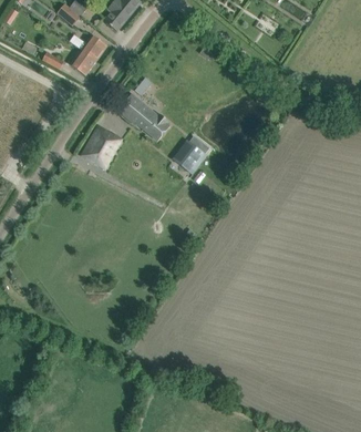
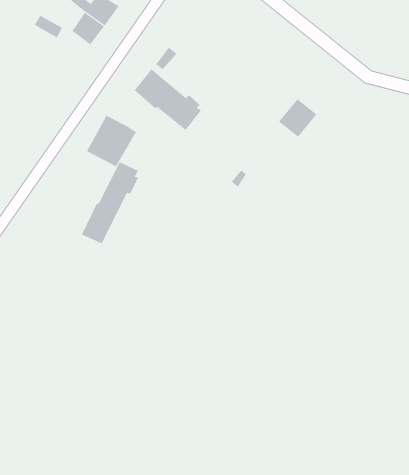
building: [173,140,203,169] -> [278,98,317,138]
building: none -> [81,162,139,244]

